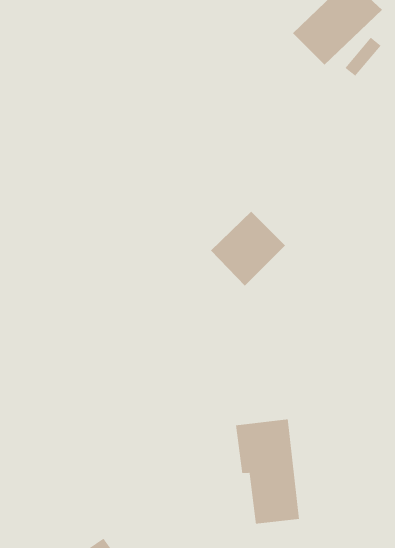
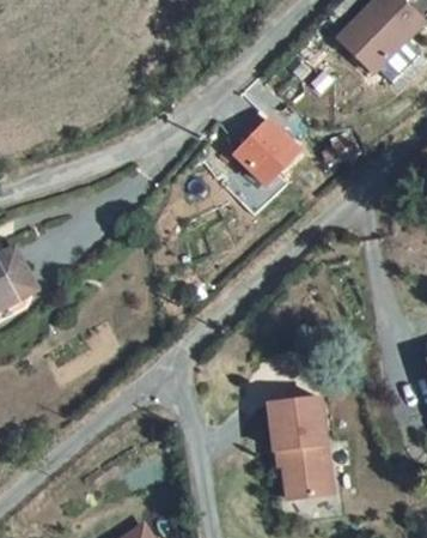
building: [210,211,286,286] -> [230,111,303,185]

